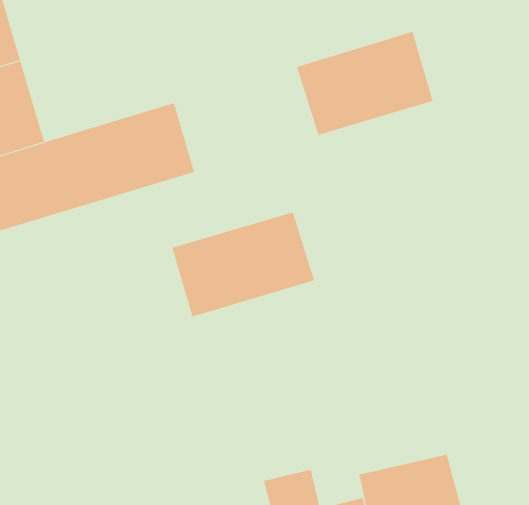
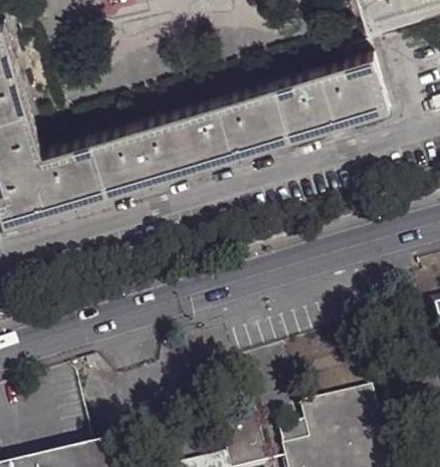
building: none -> [335,52,390,120]
building: [171,212,315,317] -> [146,92,259,176]

